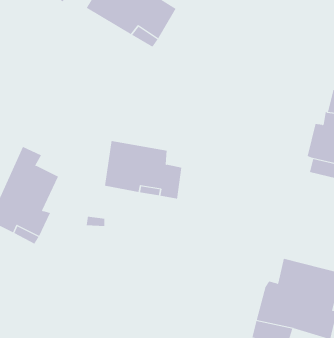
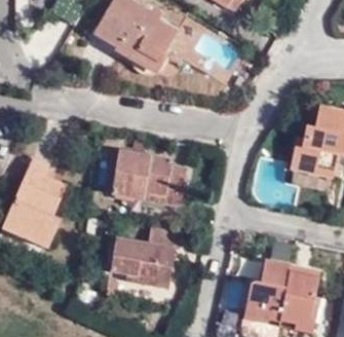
building: none -> [109,223,176,288]

